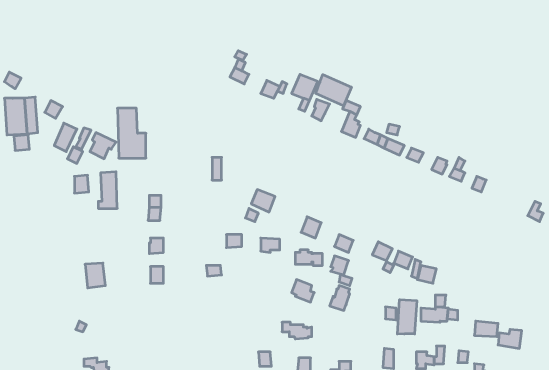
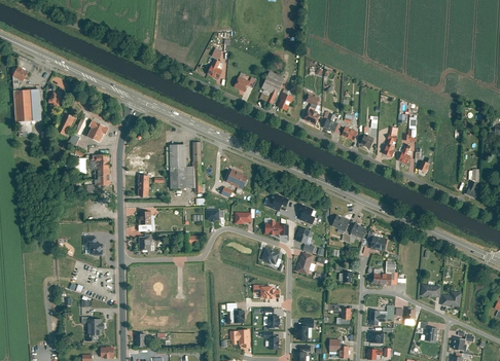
building: [316,75,351,106] -> none
building: [117,108,146,158] -> [170,144,194,187]
building: [397,300,417,334] -> none

